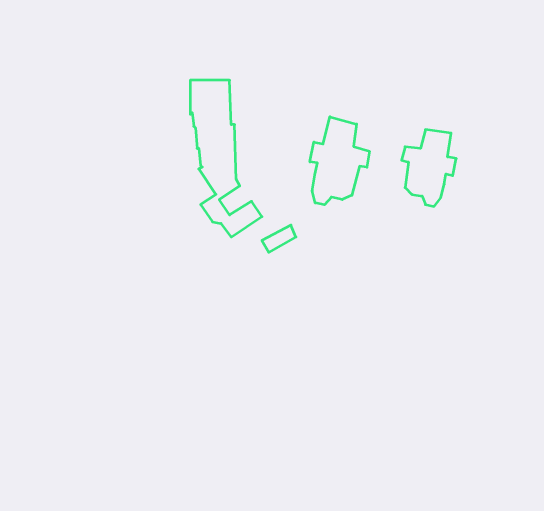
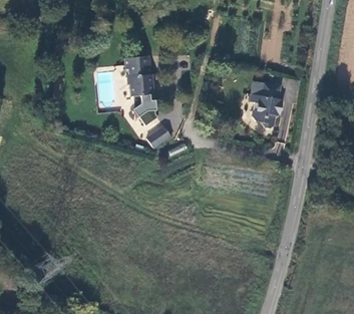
building: [310,117,369,205] -> none

